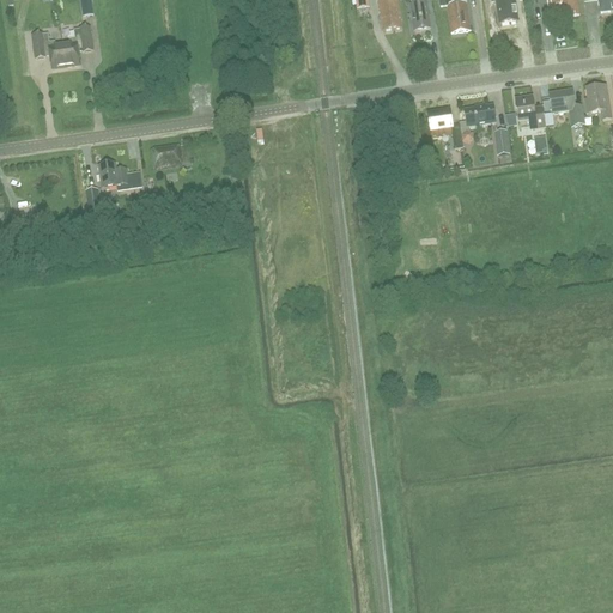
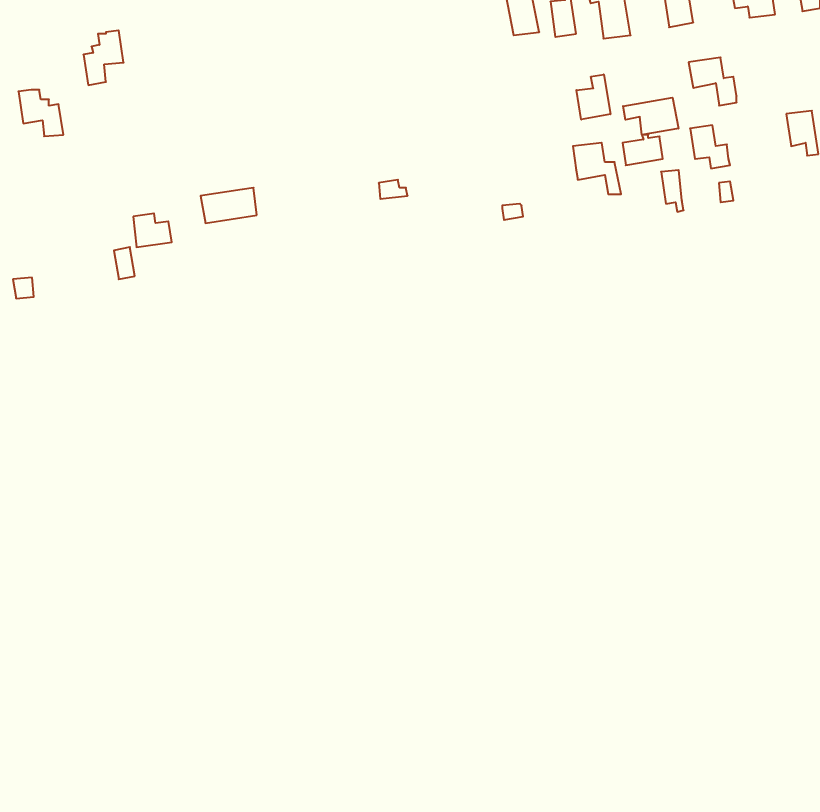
building: [32,30,66,65] -> [18,90,63,136]
building: none -> [576,74,610,120]
building: none -> [623,98,678,135]
building: [548,87,584,123] -> [689,57,737,106]

